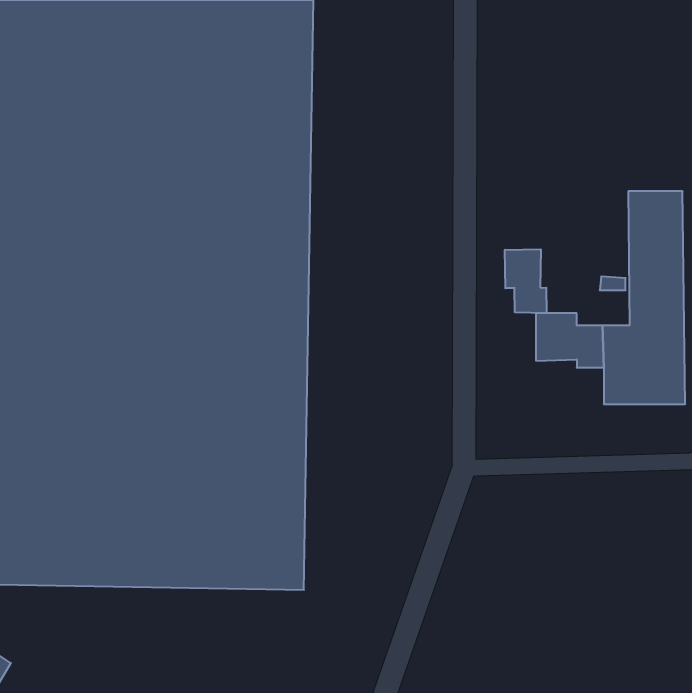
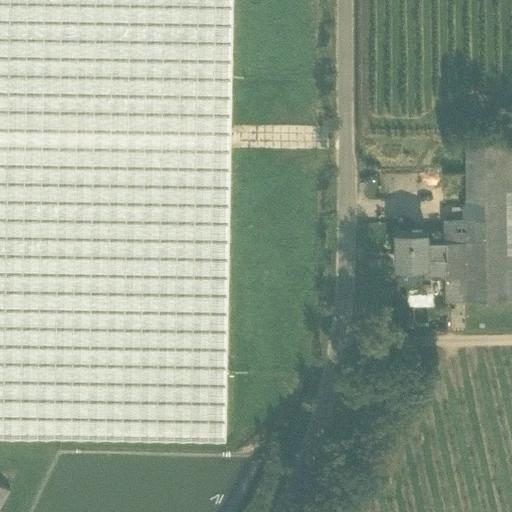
building: [505,249,547,313] -> none

